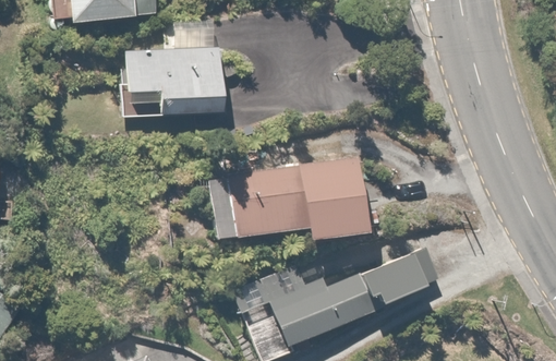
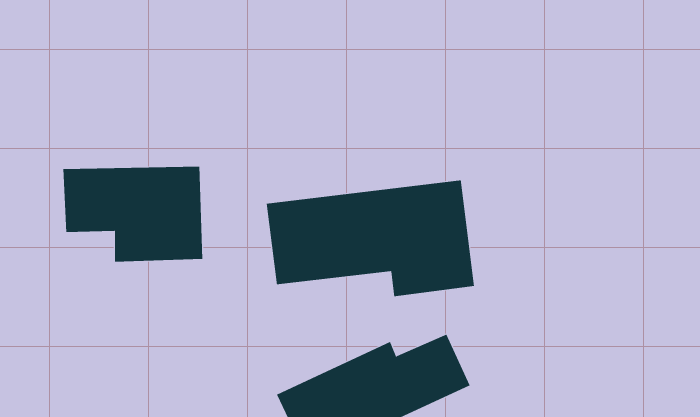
building: [122,46,226,117] -> [62,166,203,262]
building: [363,245,437,311] -> none

